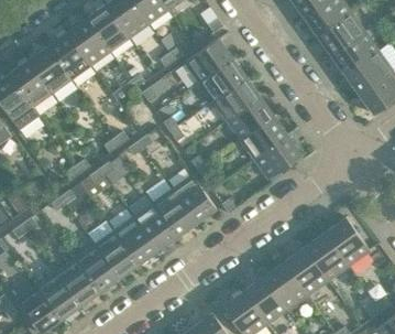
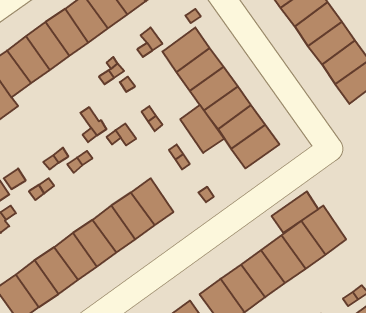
building: [173,175,217,224] -> [180,105,224,153]
building: none -> [272,191,318,233]

